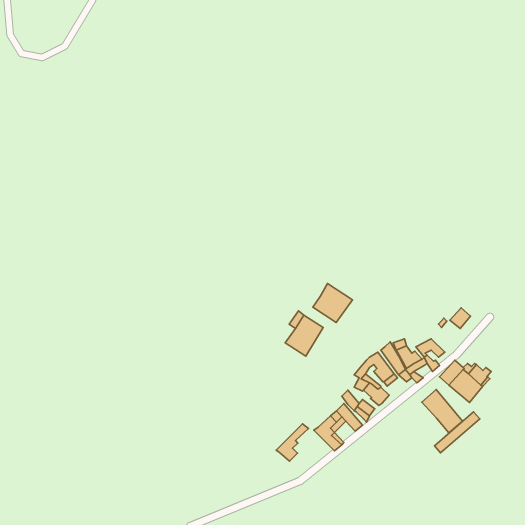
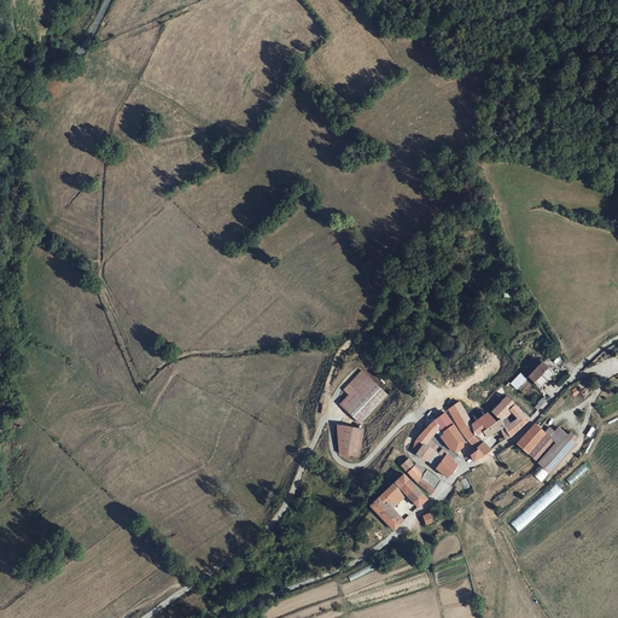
building: [313,284,353,323] -> none
building: none -> [332,422,367,456]
building: [422,390,463,433] -> none
building: [276,424,308,461] -> none

